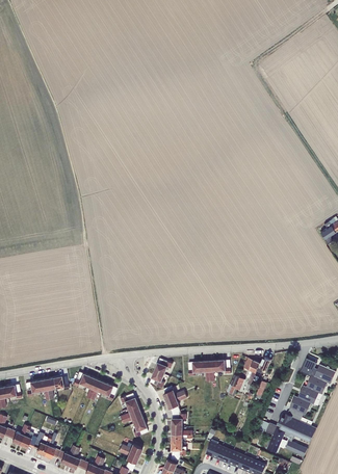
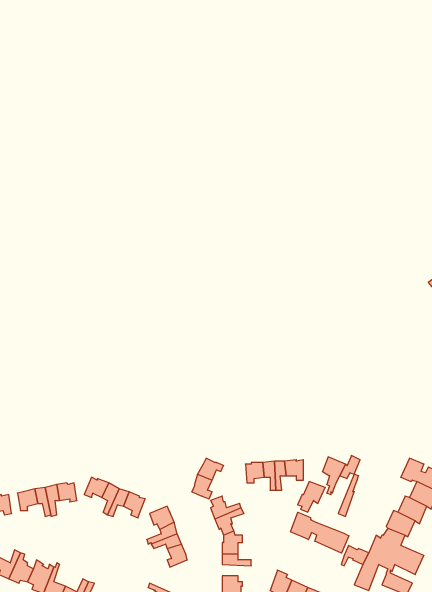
building: none -> [290,512,349,553]

